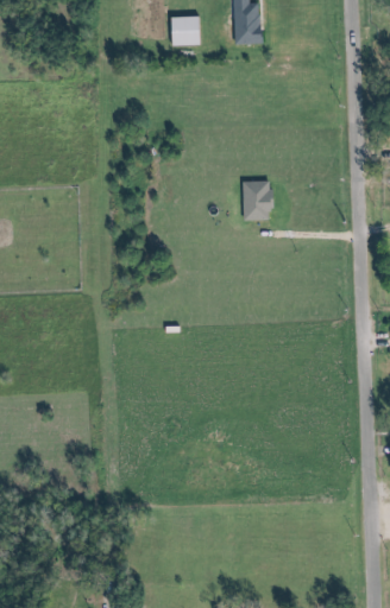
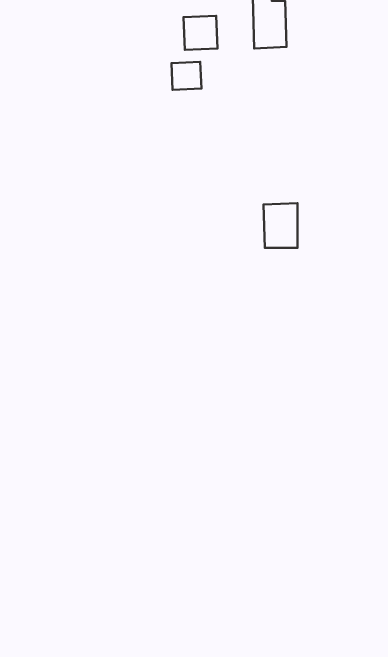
building: none -> [172,62,201,90]

